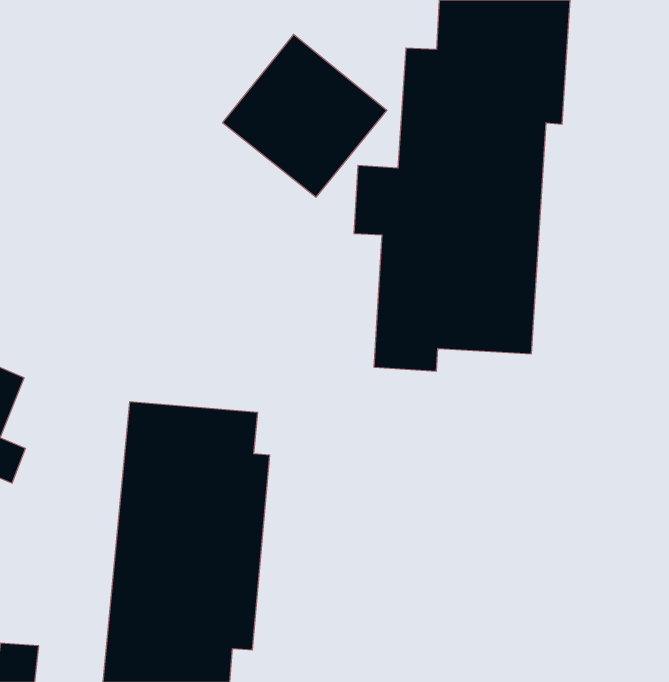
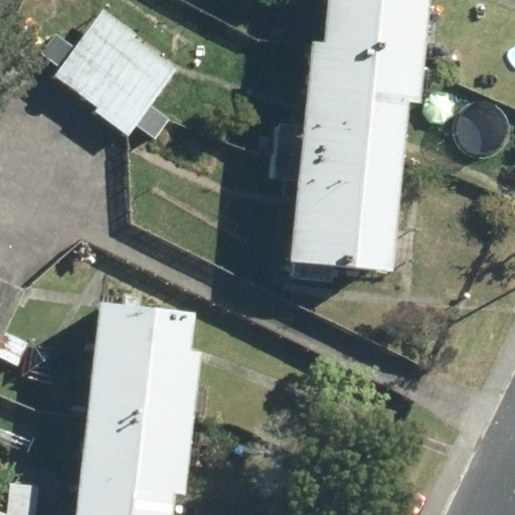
building: [223,34,387,197] -> [49,9,173,132]

